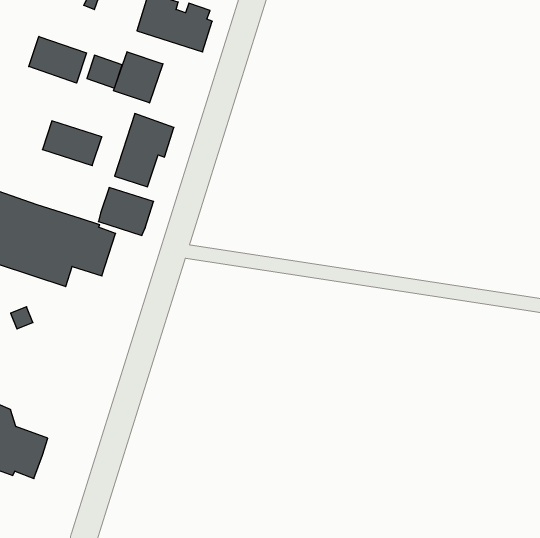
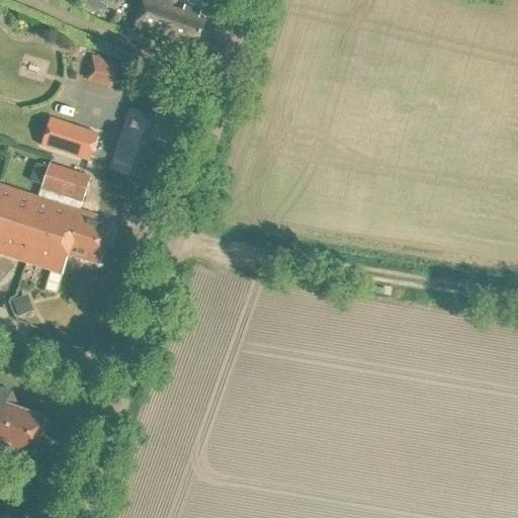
building: [29,36,86,83] -> none
building: [114,52,163,103] -> none
building: [98,188,154,235] -> [35,163,88,208]

